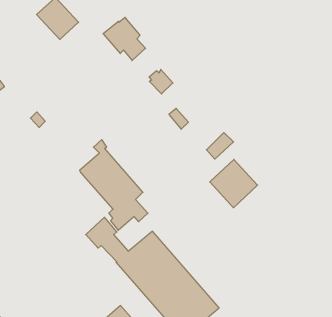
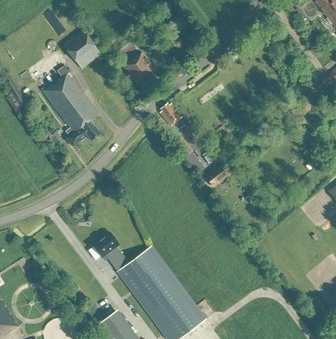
building: [80,140,148,230] -> [43,65,101,147]
building: [210,159,258,208] -> none

